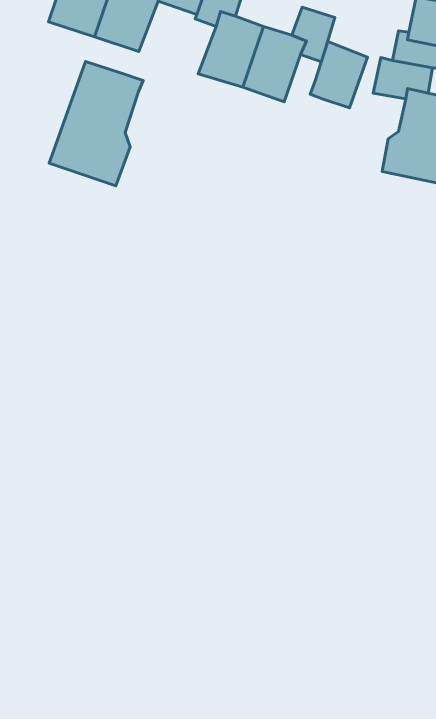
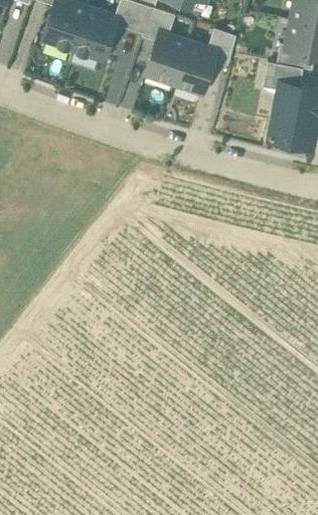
building: [310,42,368,108] -> none
building: [49,61,143,186] -> none

